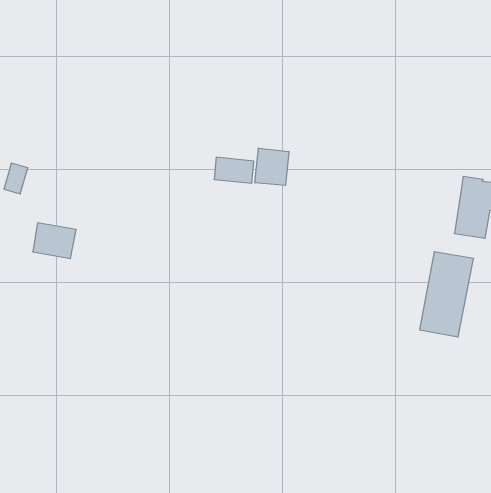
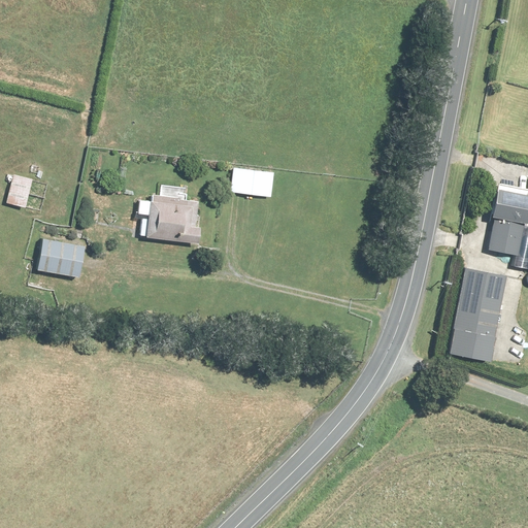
building: [255,148,289,185] -> none
building: none -> [135,186,200,242]

